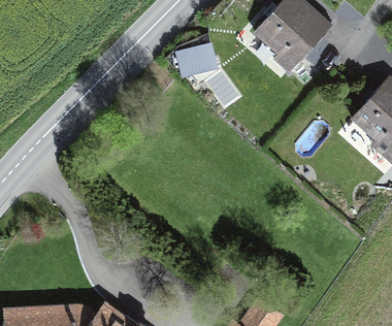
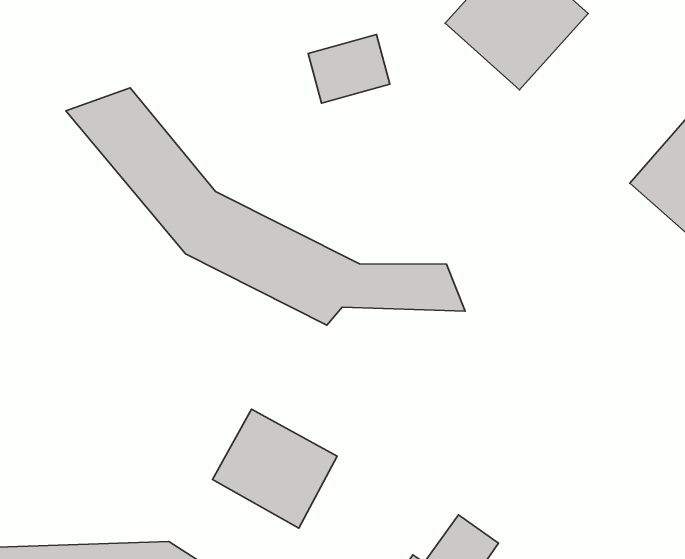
building: none -> [66,88,465,325]
building: none -> [212,409,337,528]

